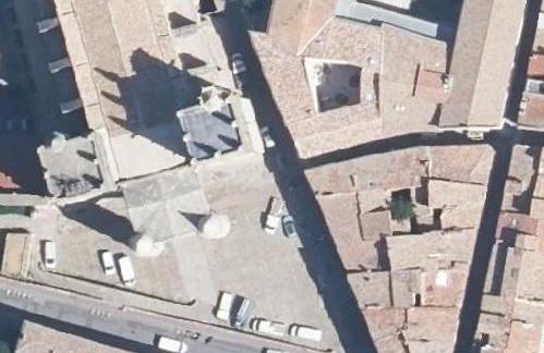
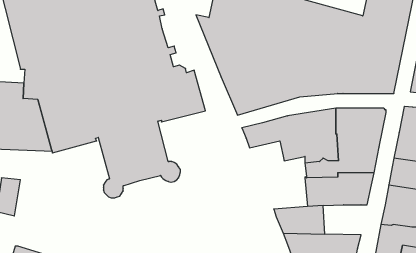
building: [318,187,391,273] -> none
building: [411,268,467,306] -> none

